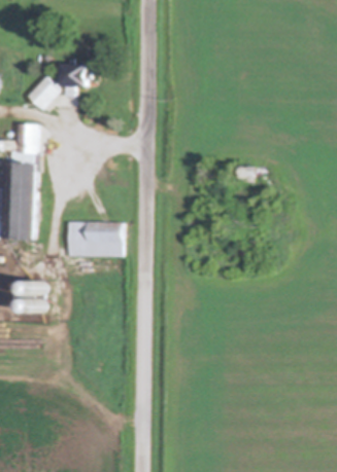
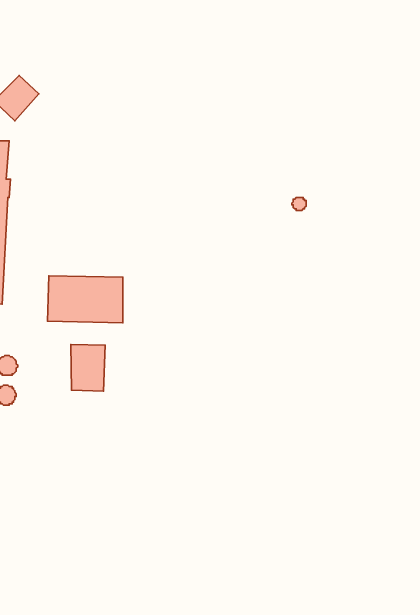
building: [61,65,91,97] -> none
building: none -> [71,345,105,391]

